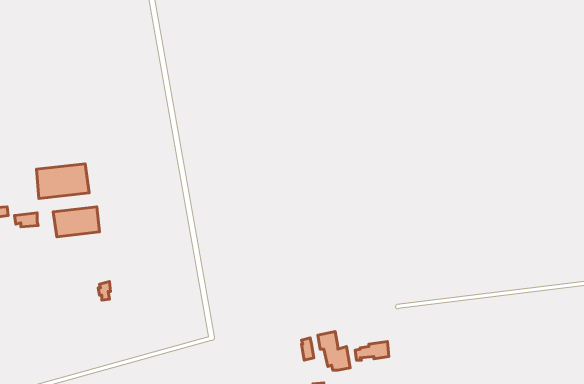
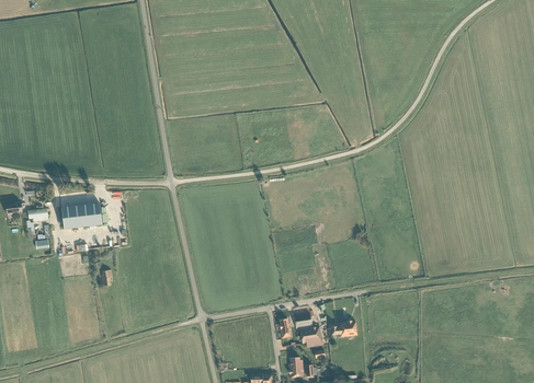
building: [36,164,89,199] -> none

